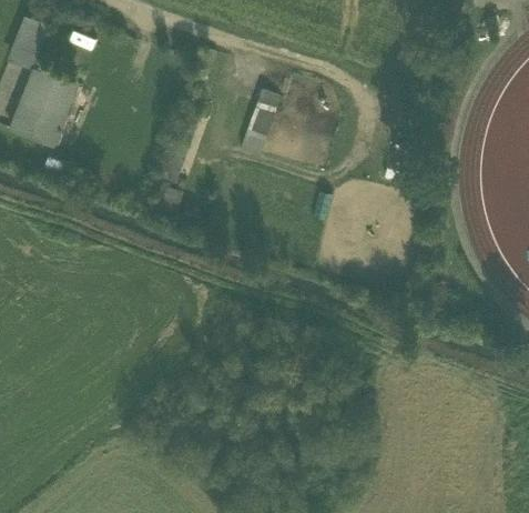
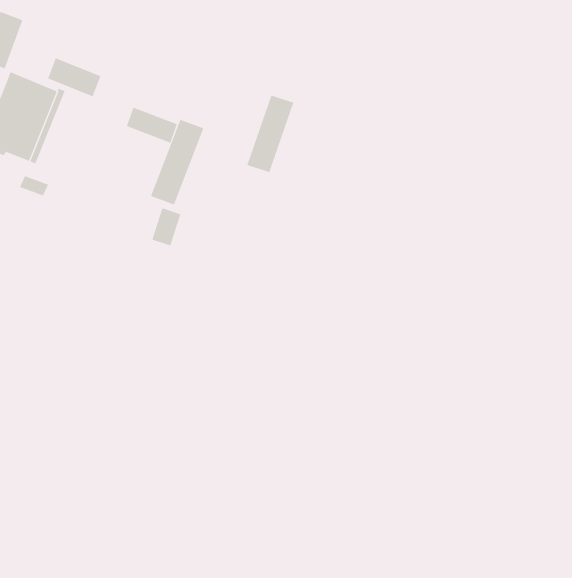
building: none -> [47,58,101,97]
building: none -> [126,107,178,144]

